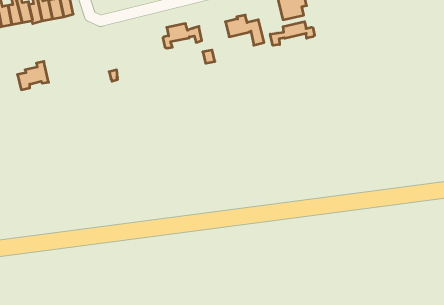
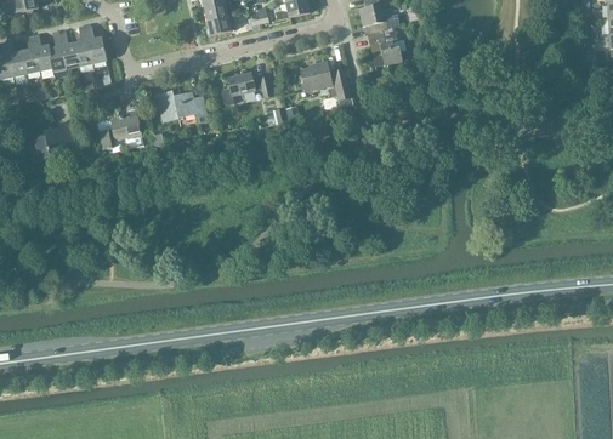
building: [270,22,315,45] -> none
building: none -> [158,87,209,122]
building: none -> [100,104,143,147]

